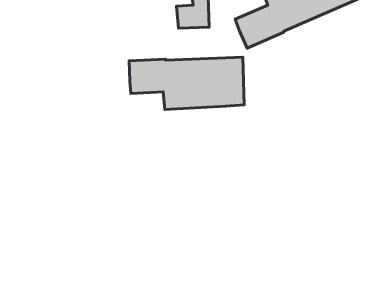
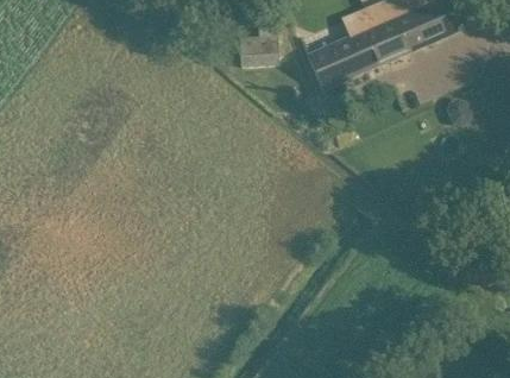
building: [129,57,244,109] -> none

